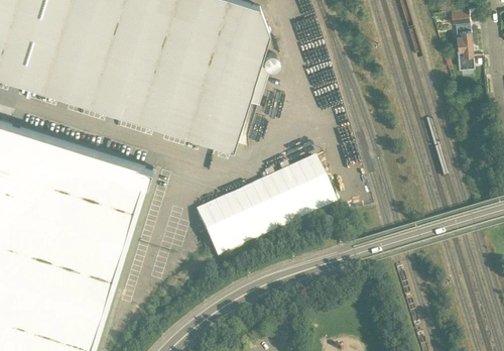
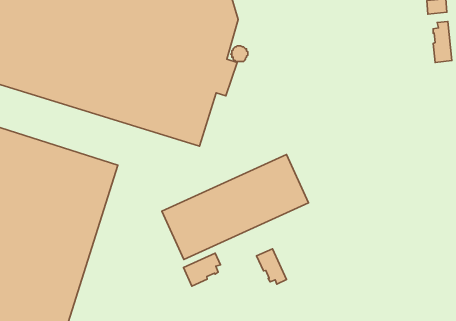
building: none -> [257,249,287,284]
building: none -> [184,253,220,286]

